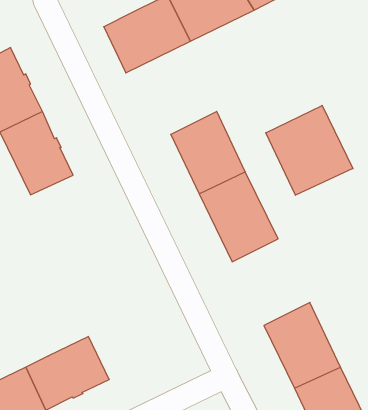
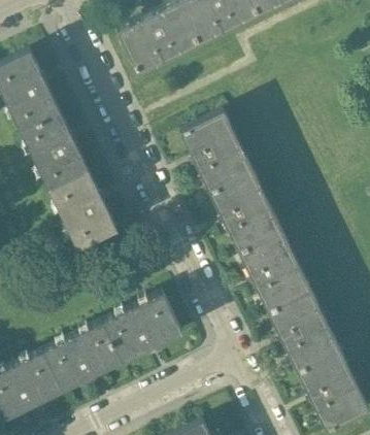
building: [266,105,353,195] -> none
building: none -> [48,169,117,248]
building: none -> [238,229,311,310]
building: none -> [103,292,181,361]

